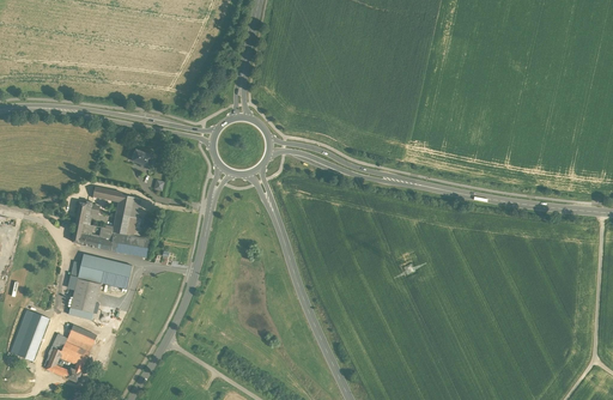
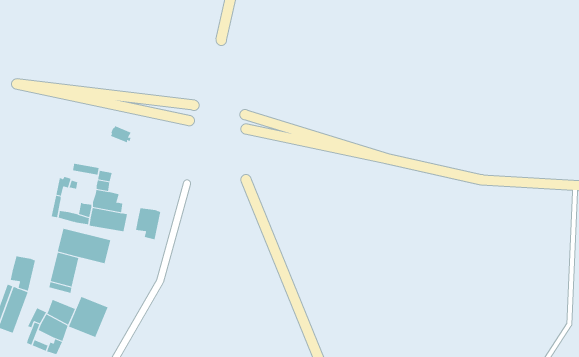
building: none -> [136,207,161,240]
building: none -> [10,256,36,291]
building: none -> [68,296,109,338]

